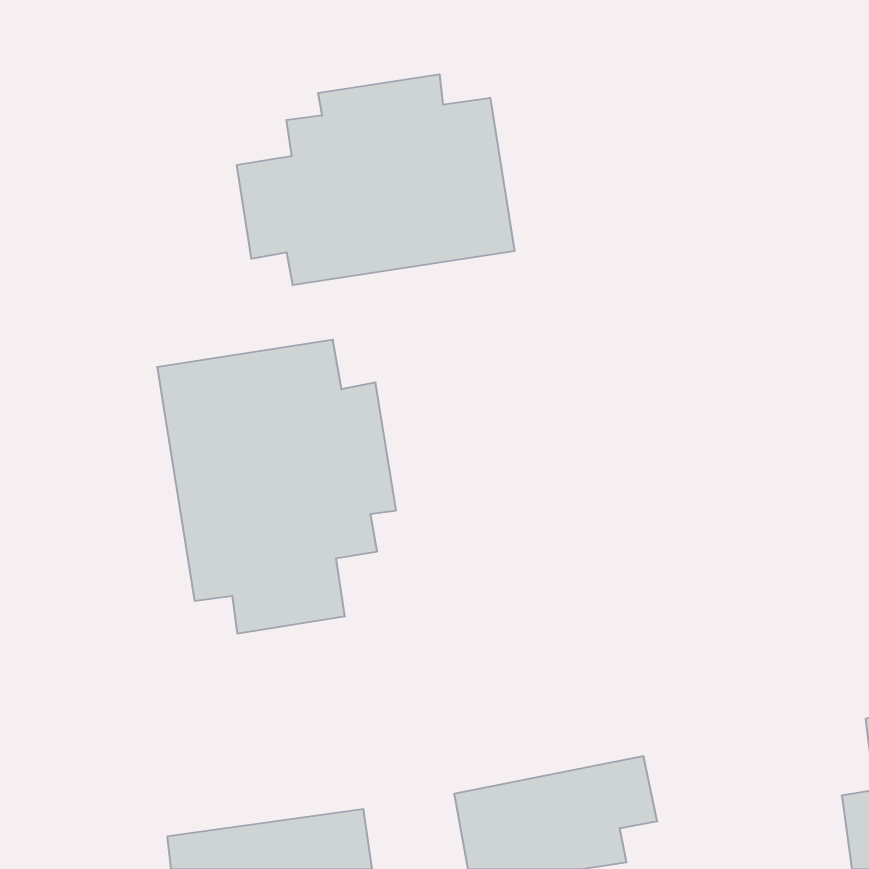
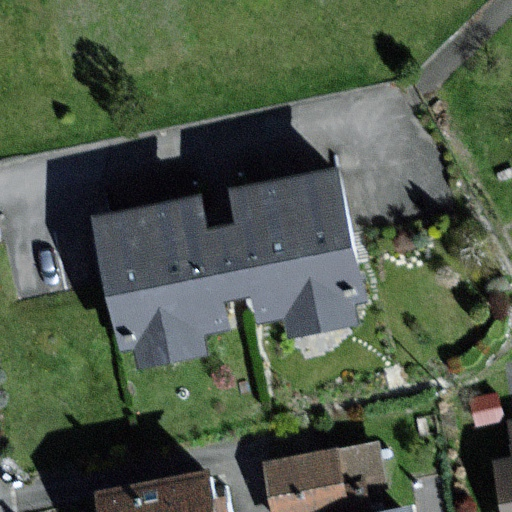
building: [237,74,514,285] -> none
building: none -> [222,172,355,331]

